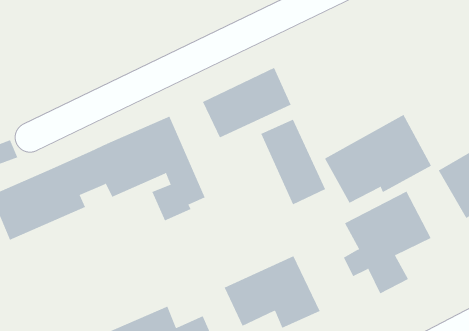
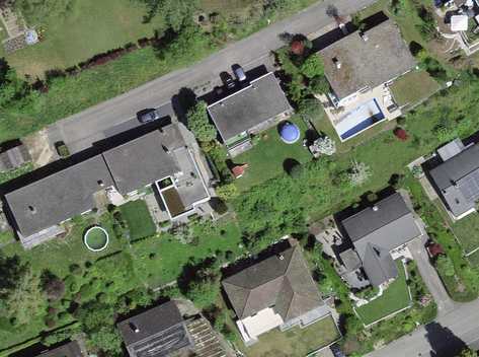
building: [324,114,432,204] -> [316,18,417,102]
building: [261,119,326,205] -> none

